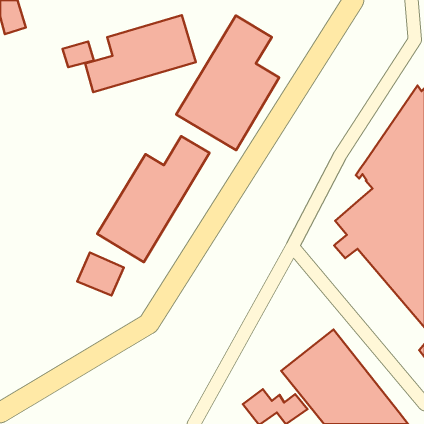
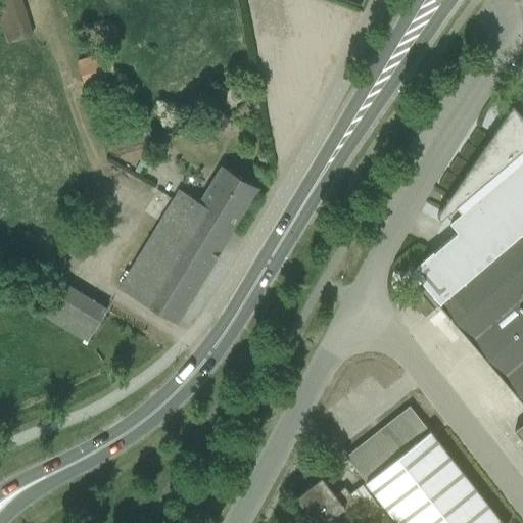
building: [85,15,196,92] -> none
building: [176,16,279,150] -> none
building: [77,253,124,296] -> [47,284,104,337]

